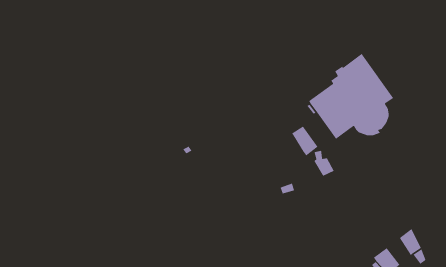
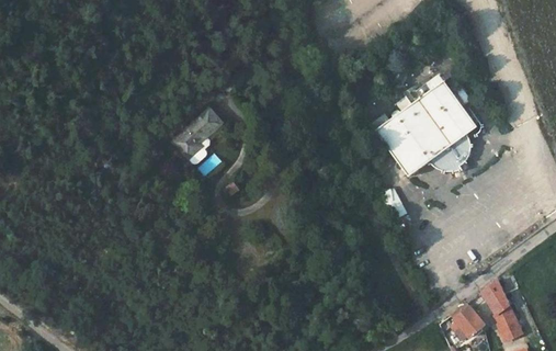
building: none -> [172,109,222,163]
building: [291,125,319,157] -> none

